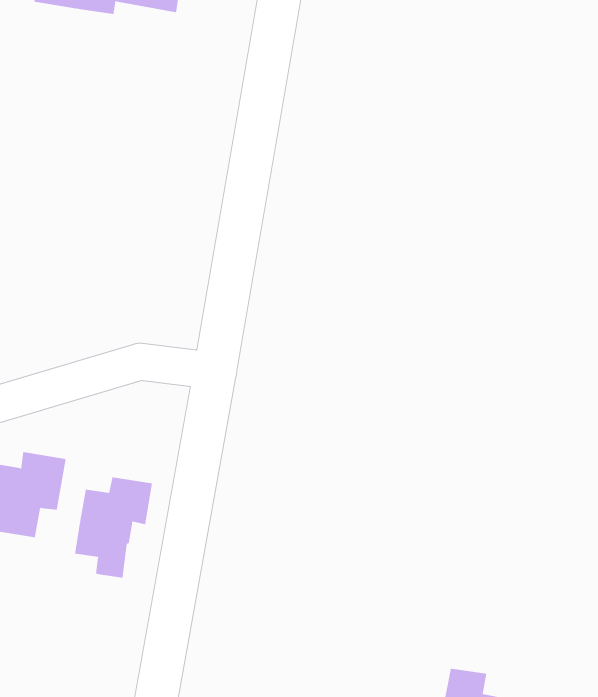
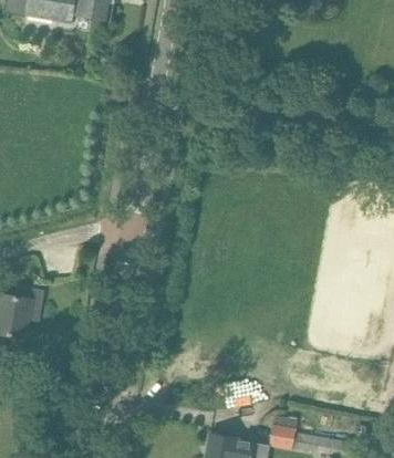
building: [74,477,152,579] -> none

